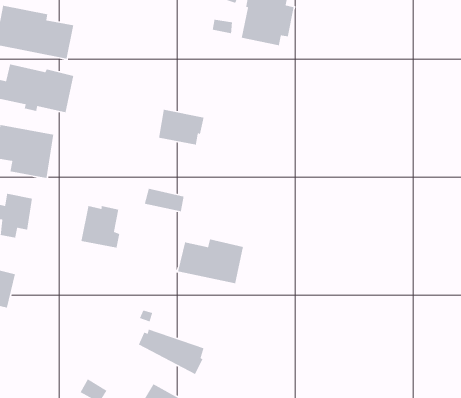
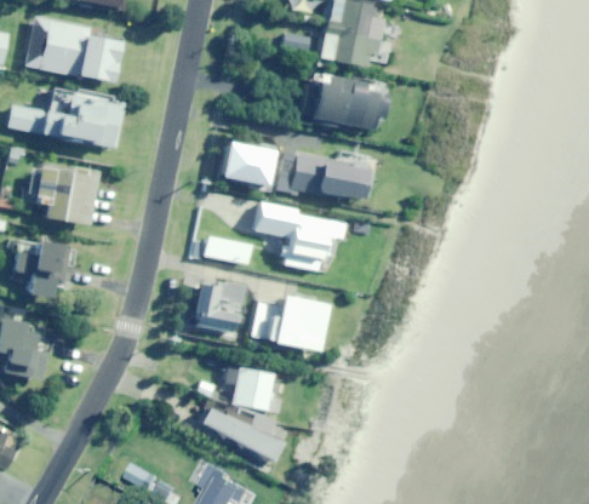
building: none -> [303,76,388,130]
building: none -> [278,156,368,200]
building: none -> [256,201,330,271]
building: [81,205,120,249] -> [193,282,240,334]
building: none -> [230,367,273,410]

